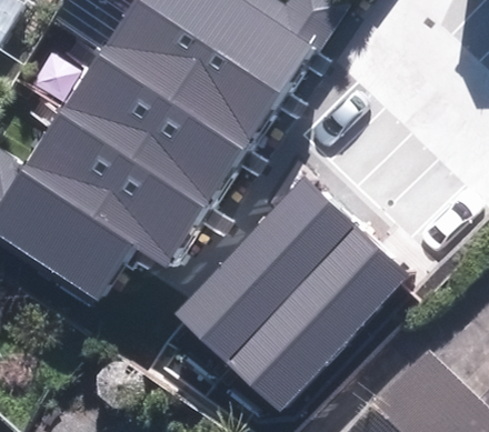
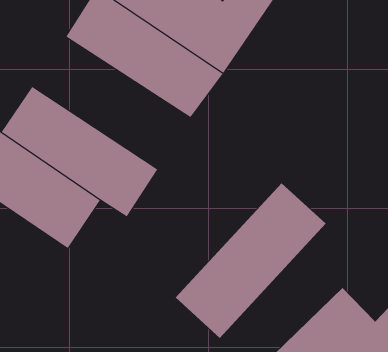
building: [59,52,248,210] -> none
building: [176,177,356,362] -> none

